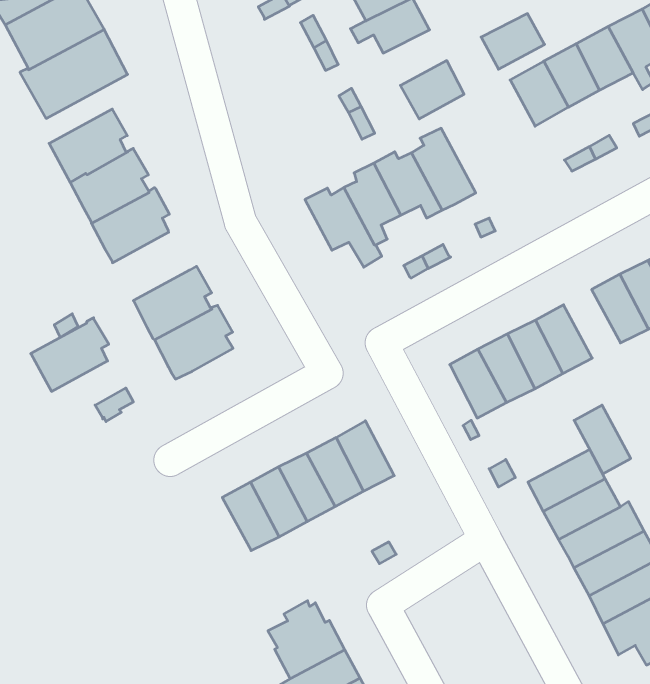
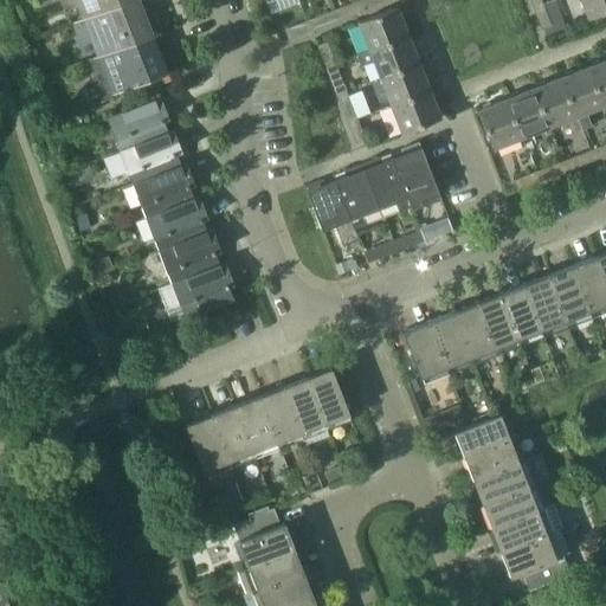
building: [481,14,545,69] -> [380,65,430,107]
building: [31,318,109,391] -> [146,198,208,252]
building: [574,405,631,474] -> [499,286,541,341]
building: none -> [185,417,228,472]

